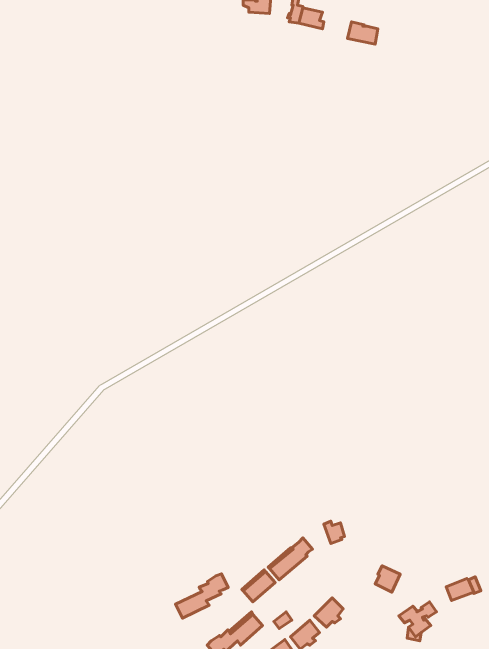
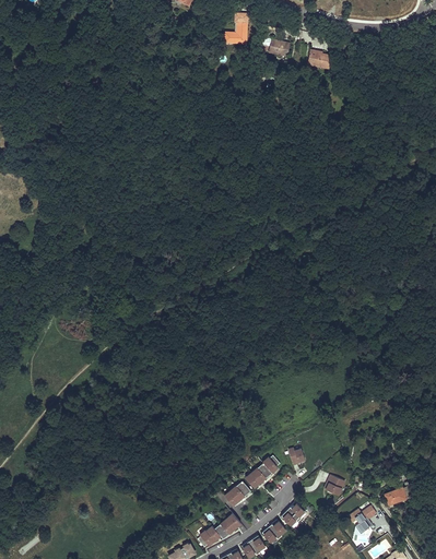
building: [175,574,228,618] -> none

